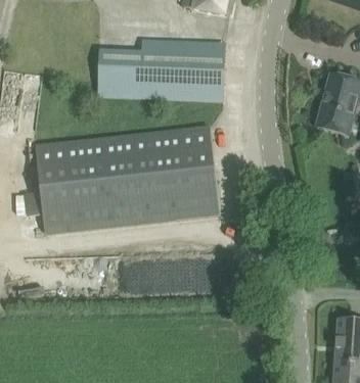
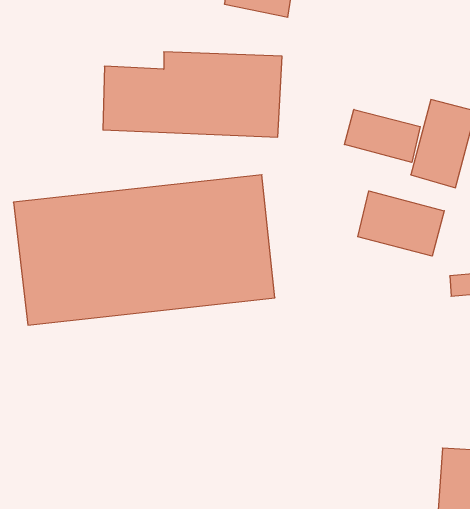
building: none -> [344,109,420,162]
building: none -> [358,191,444,256]

